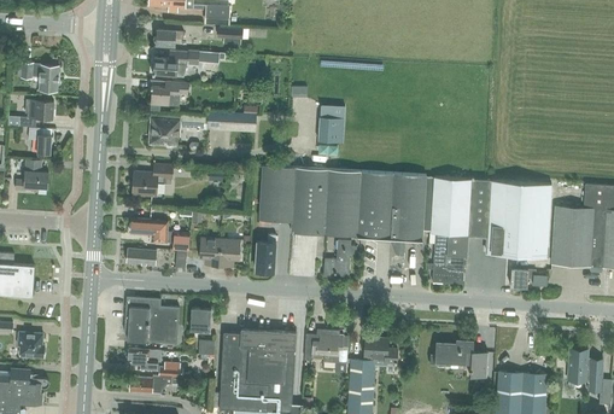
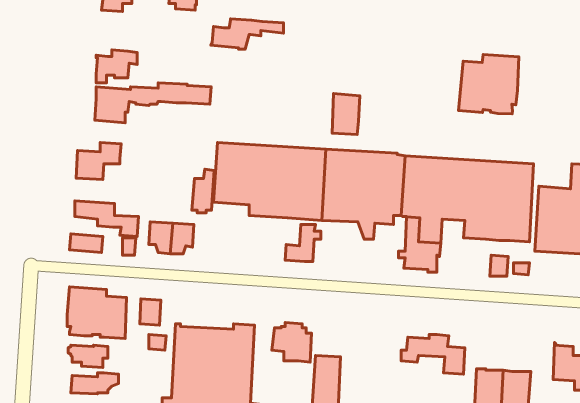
building: [152,49,218,77] -> [211,19,283,49]
building: none -> [458,54,519,114]
building: [320,105,345,142] -> [332,93,360,134]
building: [256,234,276,274] -> [192,169,214,213]
building: [363,336,397,363] -> none

